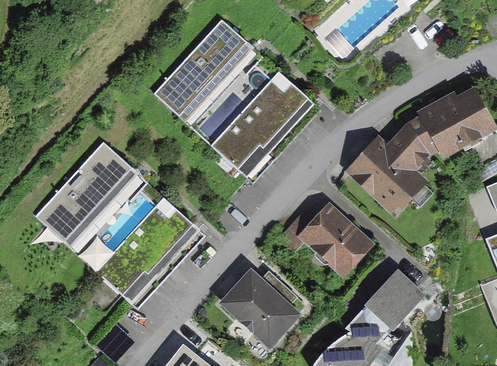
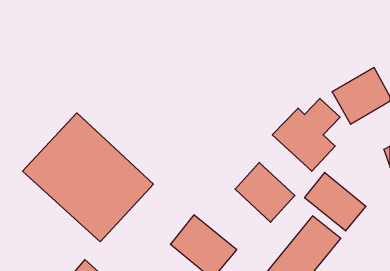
building: [153,16,315,175] -> none
building: none -> [305,172,366,231]

